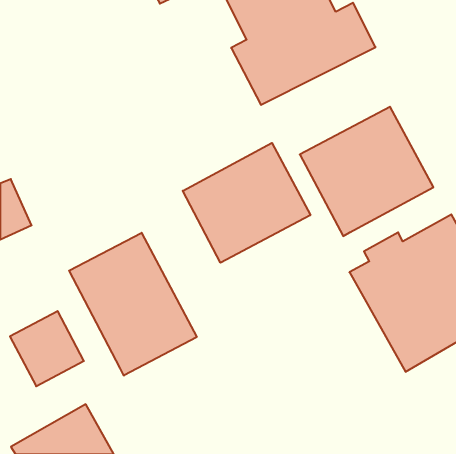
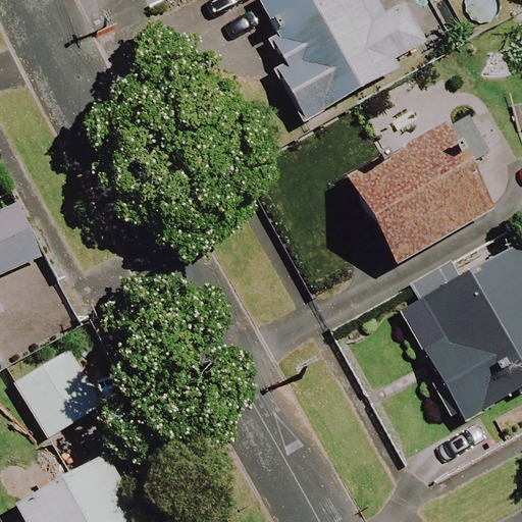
building: [183,143,310,263] -> none
building: [69,233,197,376] -> none

